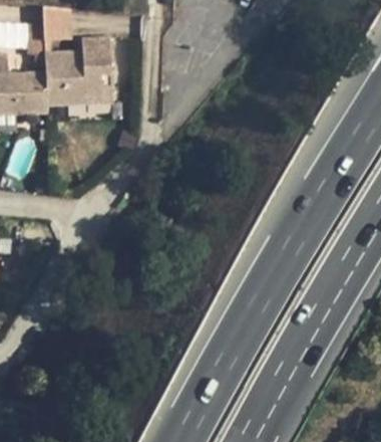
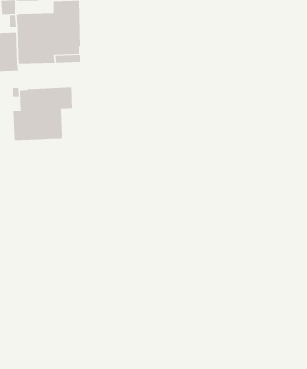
building: none -> [13,87,73,141]

